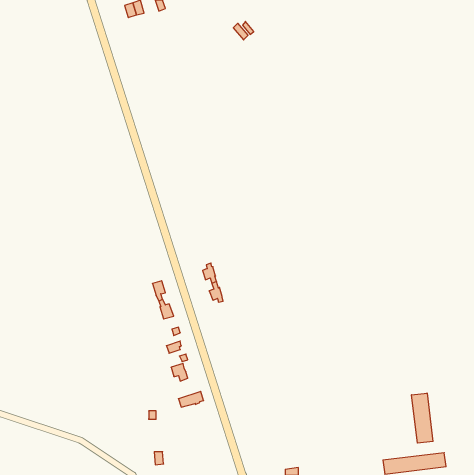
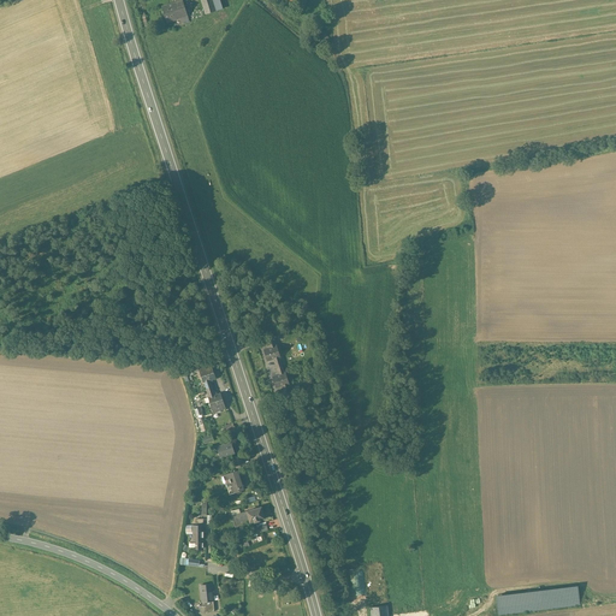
building: [412,393,433,443] -> none

